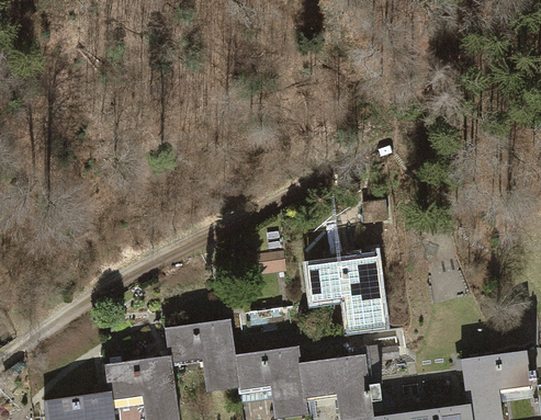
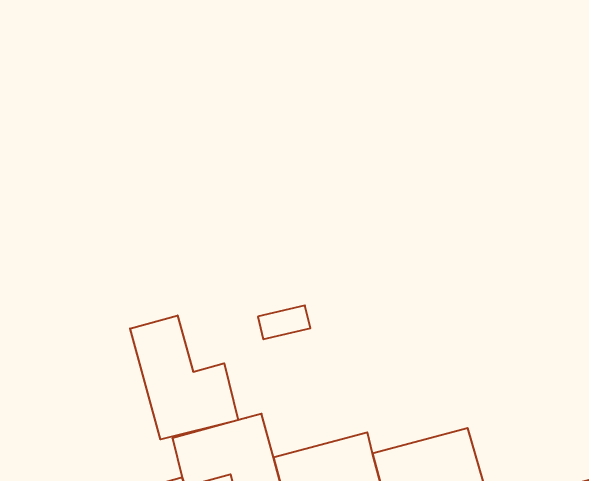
building: none -> [130,315,238,439]
building: [308,260,387,332] -> none

